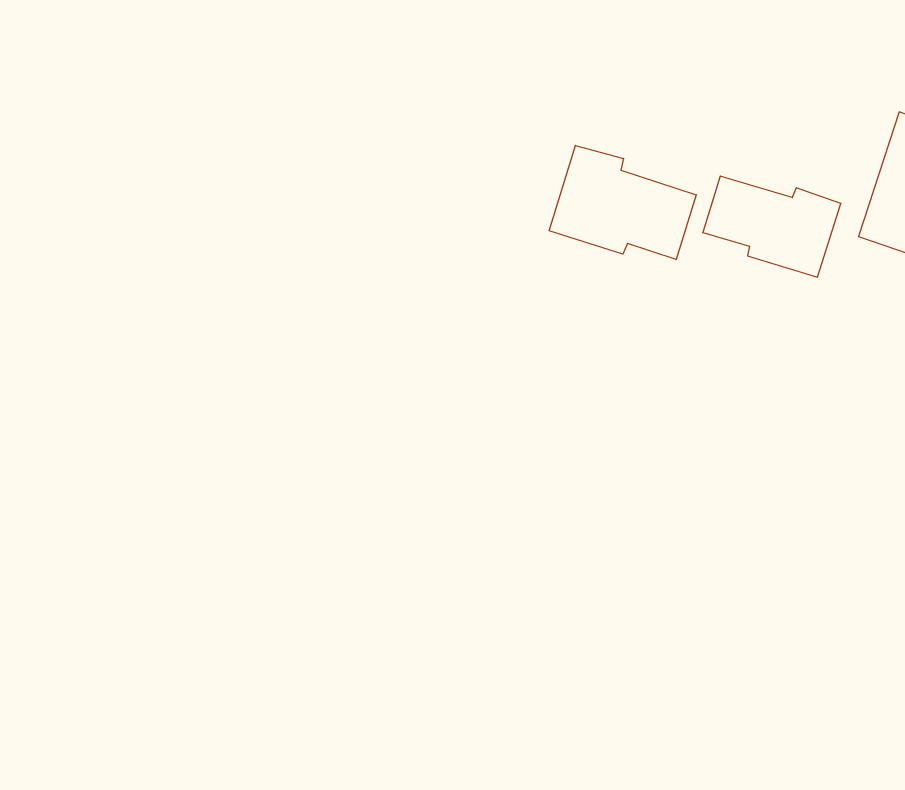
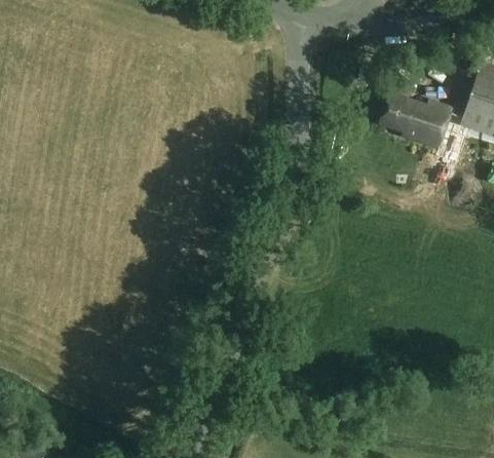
building: [549,145,696,260] -> none

